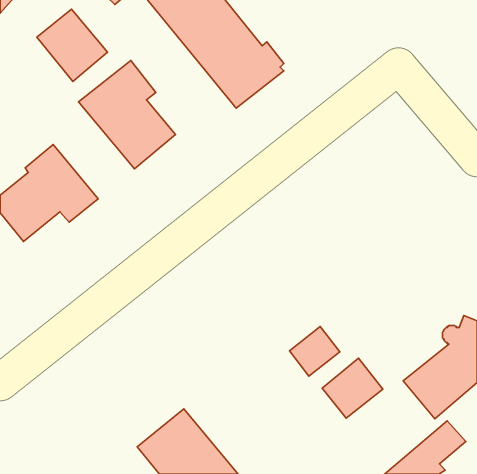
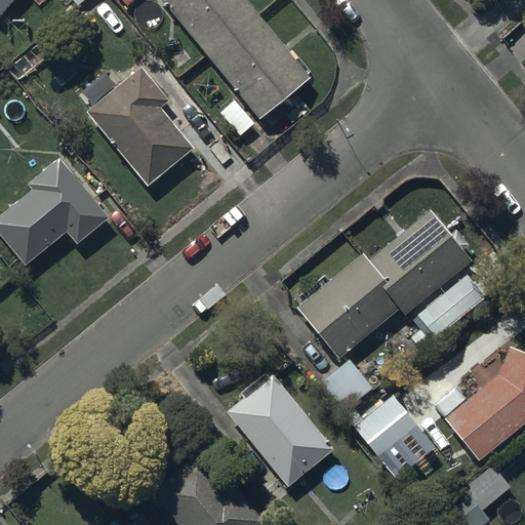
building: [37,9,108,82] -> none
building: none -> [293,211,495,359]
building: none -> [225,372,336,488]

